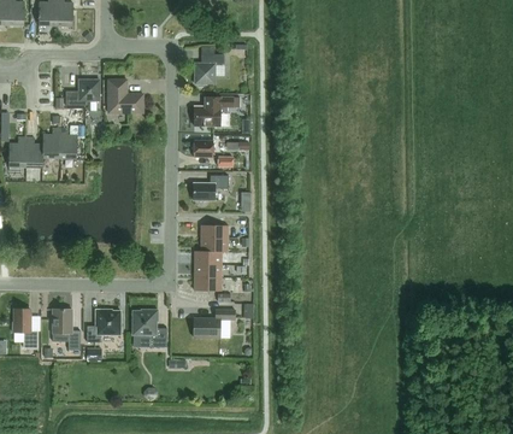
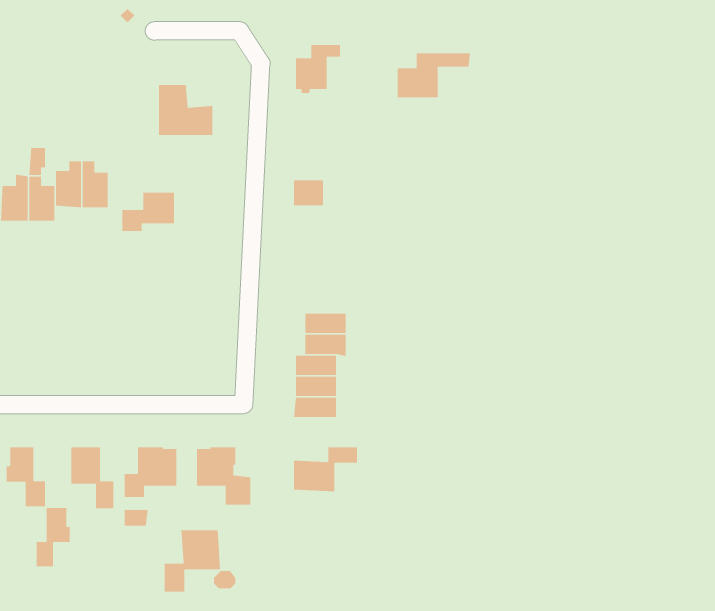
building: [66,80,100,105] -> [122,192,175,232]
building: [194,96,241,125] -> [397,52,471,98]
building: [193,175,228,200] -> none
building: none -> [36,507,71,567]
building: none -> [164,529,221,592]

